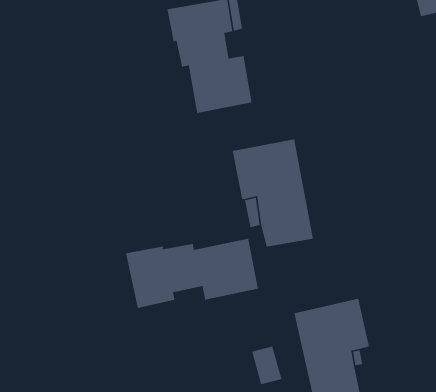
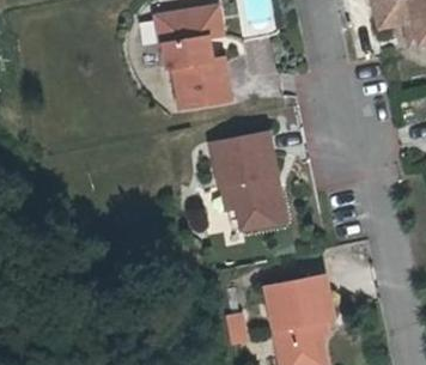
building: [125,238,259,309] -> none

